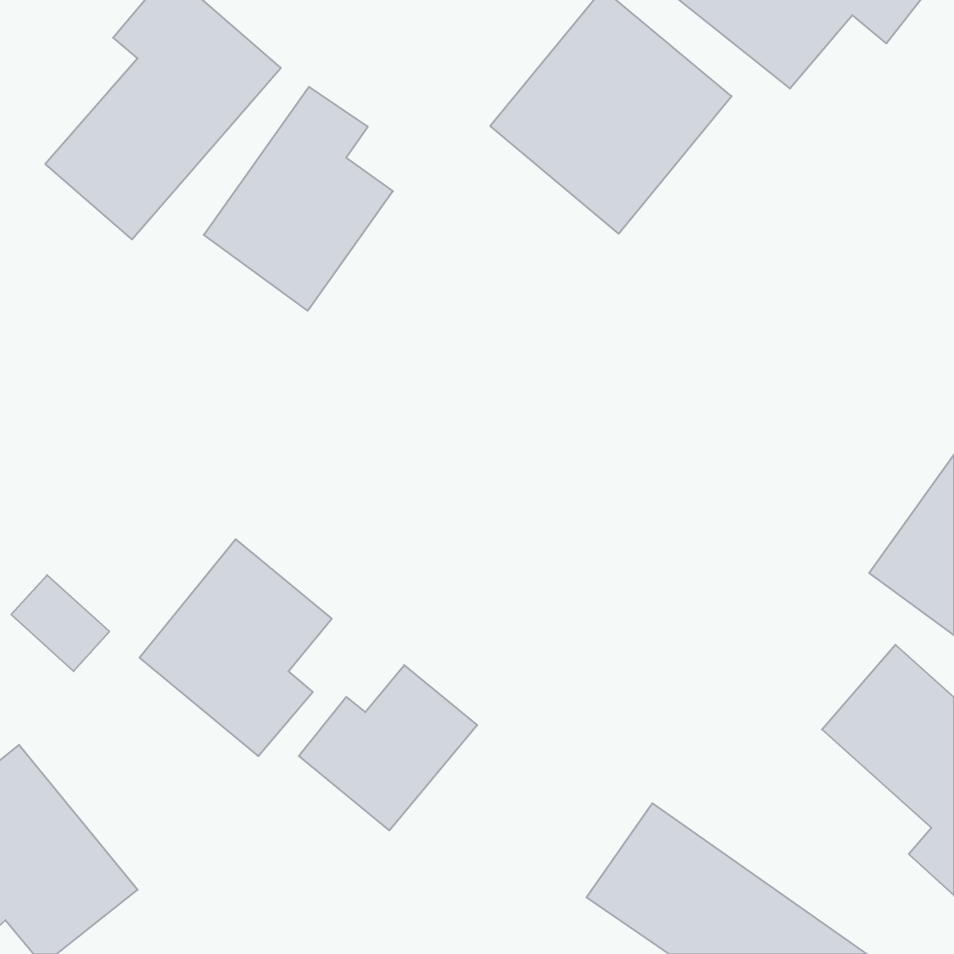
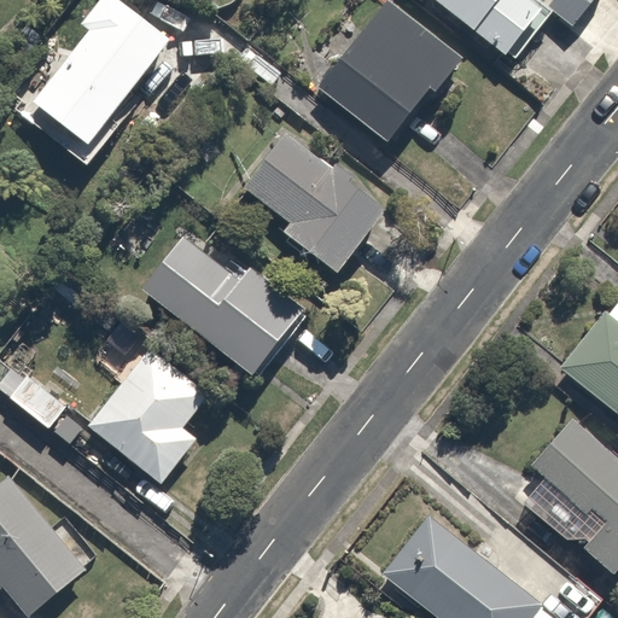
building: [204,87,393,311] -> none
building: none -> [244,135,389,280]
building: none -> [140,226,305,380]
building: [299,665,477,830] -> none

